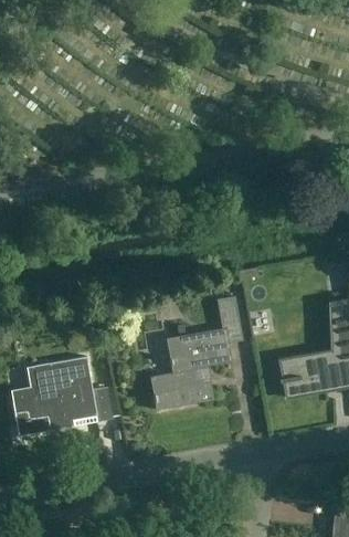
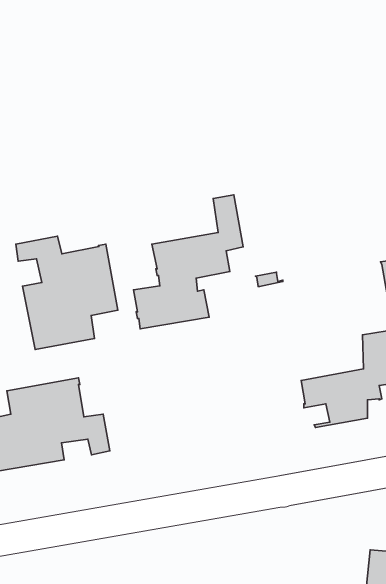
building: none -> [16,236,118,350]
building: [148,296,241,410] -> [134,195,243,329]

